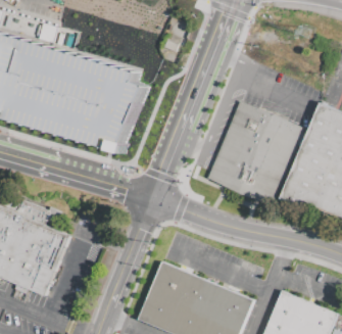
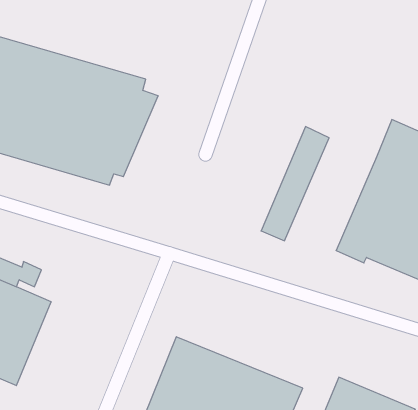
building: [208,100,257,184] -> none
building: [242,115,309,206] -> none

